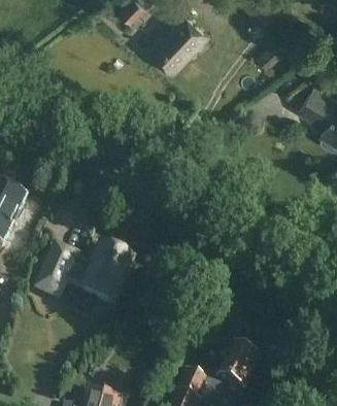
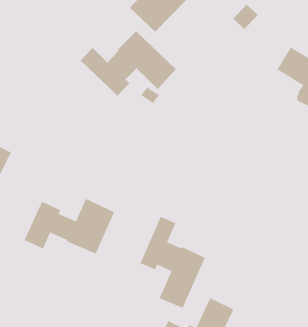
building: none -> [80,31,176,97]
building: none -> [139,216,206,309]

